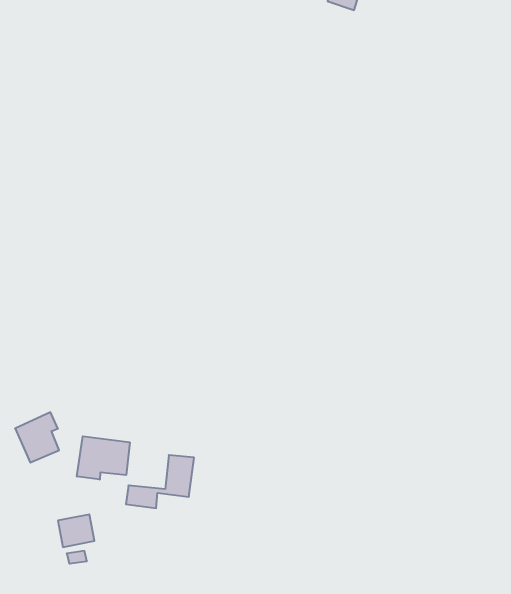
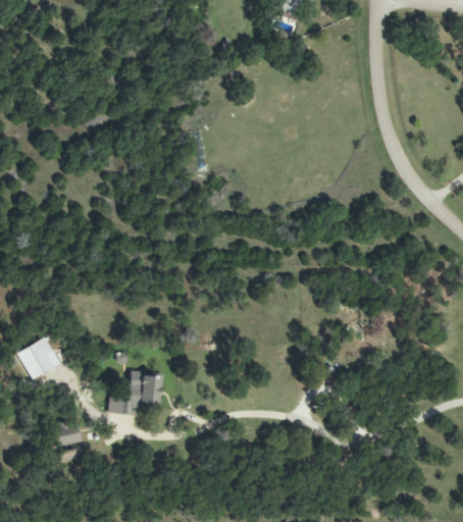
building: [77,436,130,480] -> none

